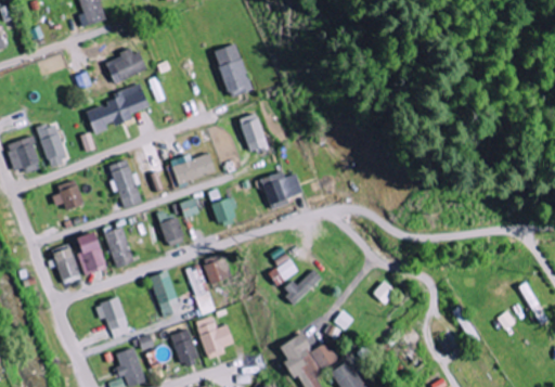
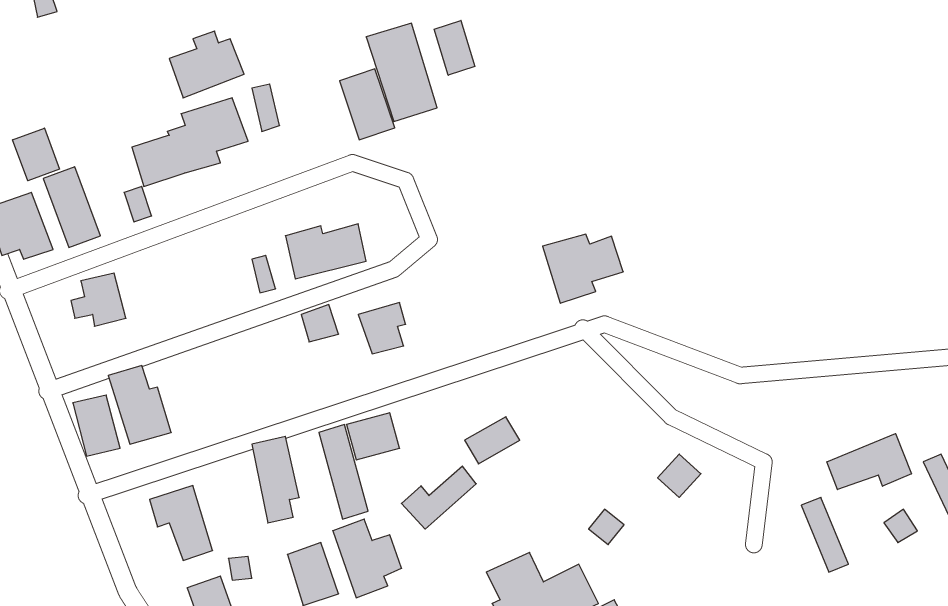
building: none -> [434,20,475,75]
building: none -> [13,128,60,181]
building: [237,112,268,151] -> [340,69,395,140]
building: [107,158,142,207] -> none
building: [259,171,304,209] -> [543,234,623,303]
building: [159,217,183,246] -> none
building: [102,224,134,268] -> none
building: none -> [827,434,911,490]
building: [280,269,321,304] -> [401,466,476,529]

